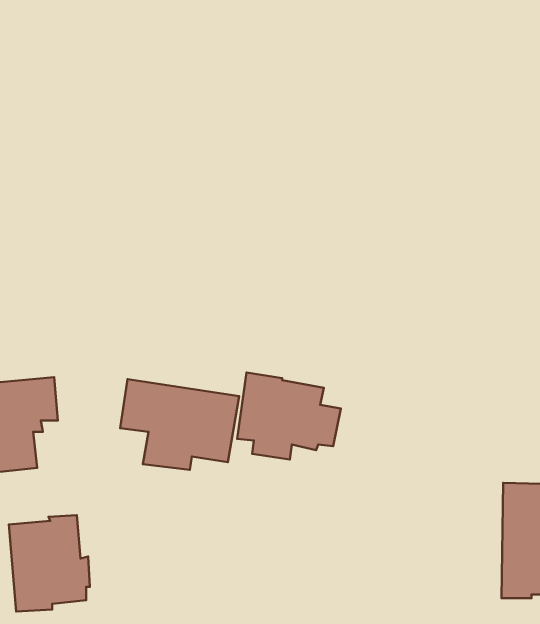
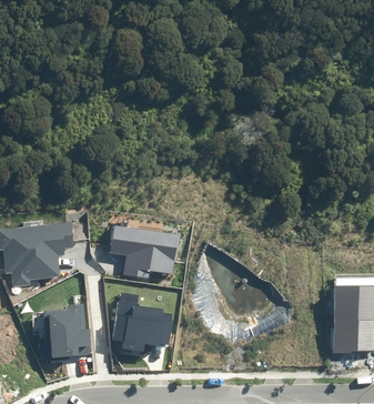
building: [237,373,341,460] -> [112,301,173,352]

